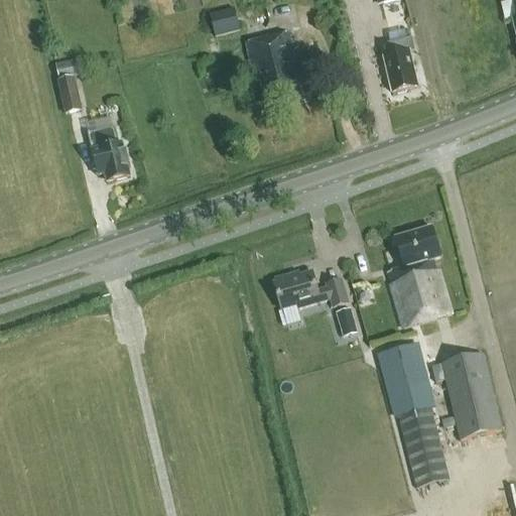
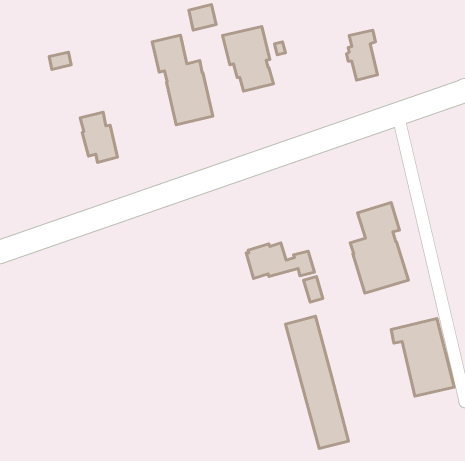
building: none -> [152,35,213,125]
building: [56,75,80,110] -> none
building: [379,339,448,485] -> [285,316,348,448]

